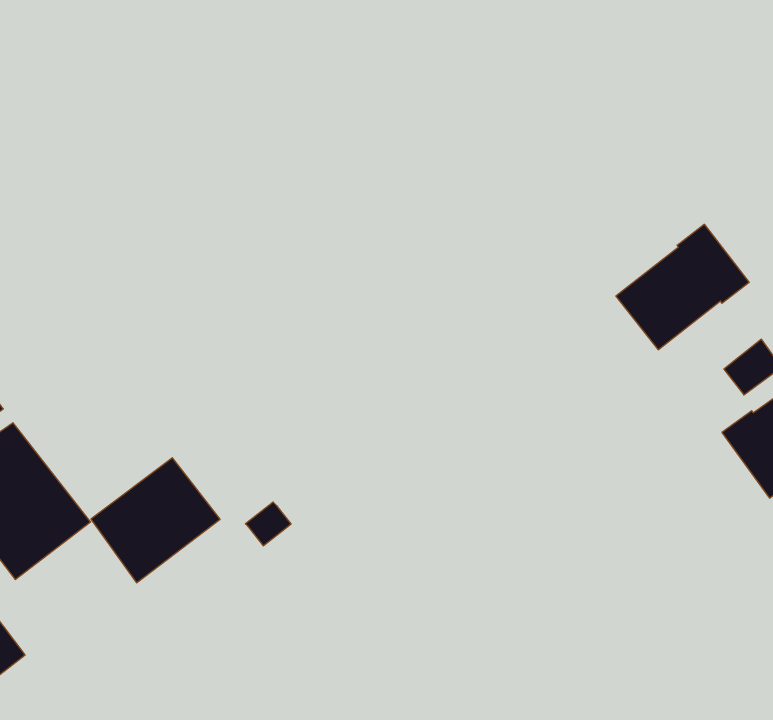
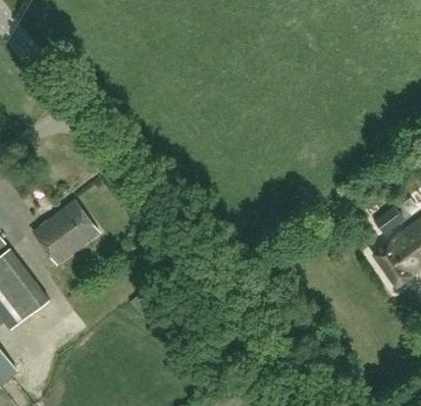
building: [616,224,749,350] -> none
building: [91,458,220,583] -> [33,200,99,264]

